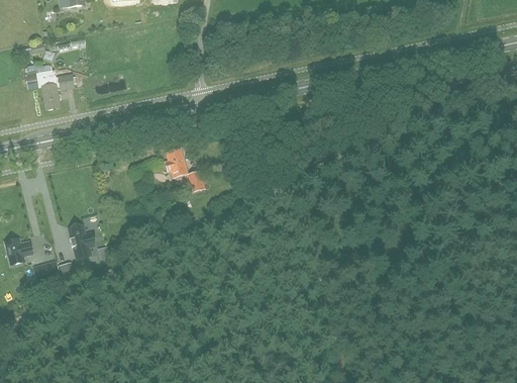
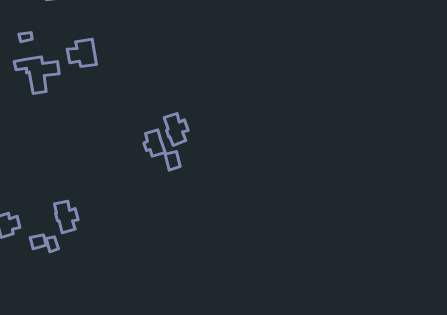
building: none -> [67,39,96,67]
building: none -> [164,114,188,145]

